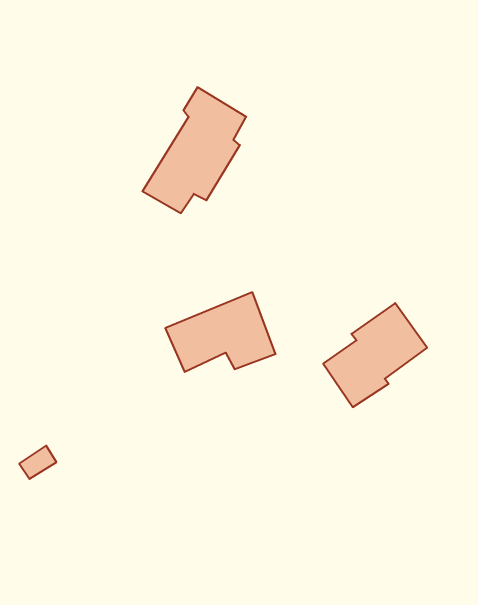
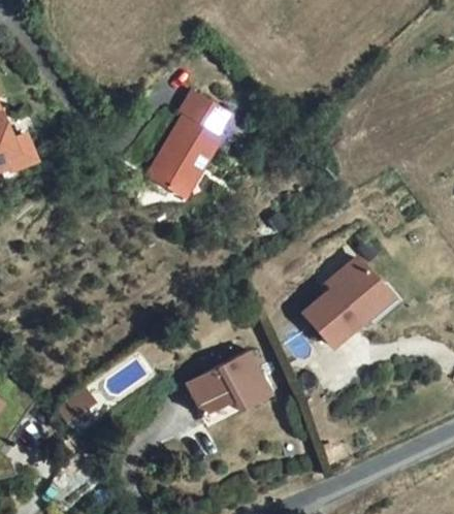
building: [165,292,276,372] -> [172,351,261,415]

